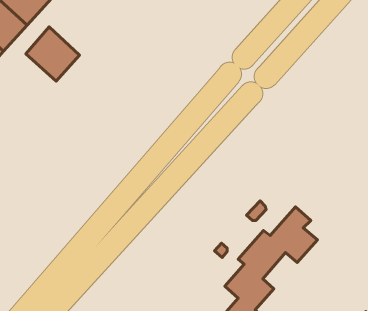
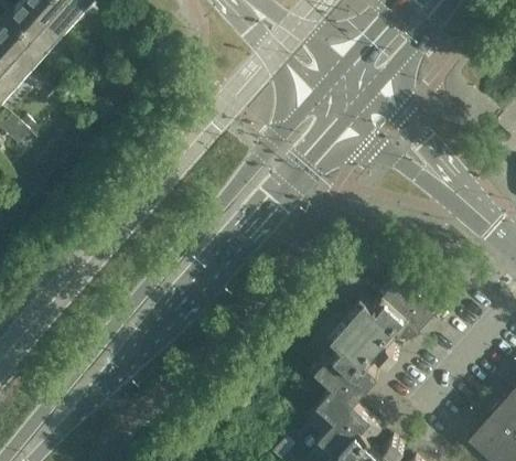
building: [26,27,80,81] -> none

